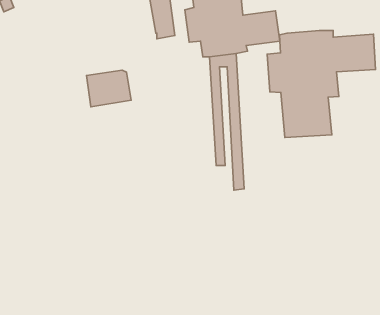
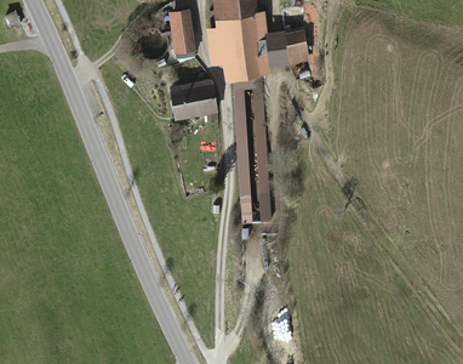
building: [267,31,375,138] -> none
building: [86,70,131,107] -> [170,79,218,119]

